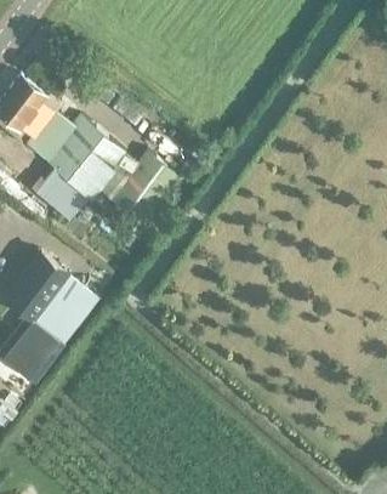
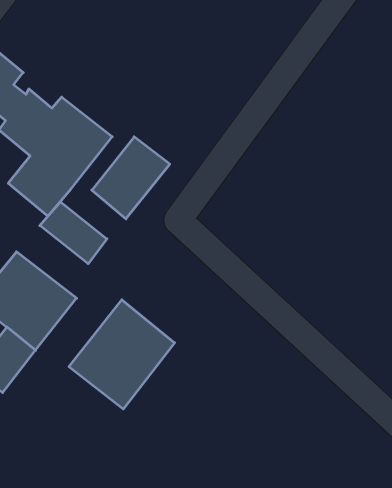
building: none -> [40,202,107,264]
building: none -> [69,300,175,409]

